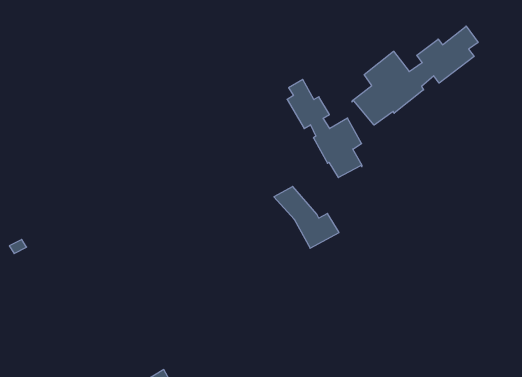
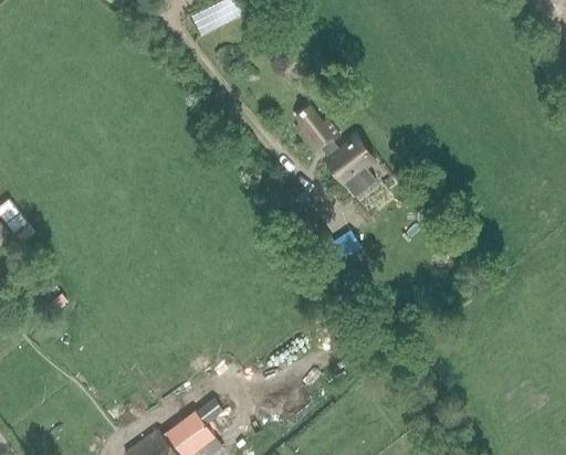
building: [352,26,478,125] -> none

